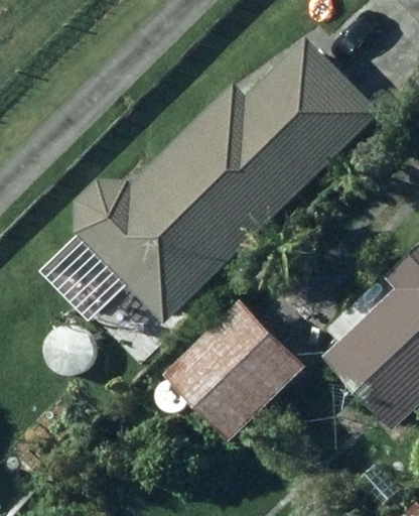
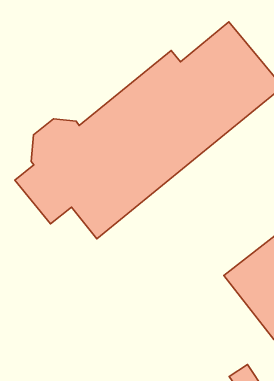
building: [171,295,312,436] -> none

